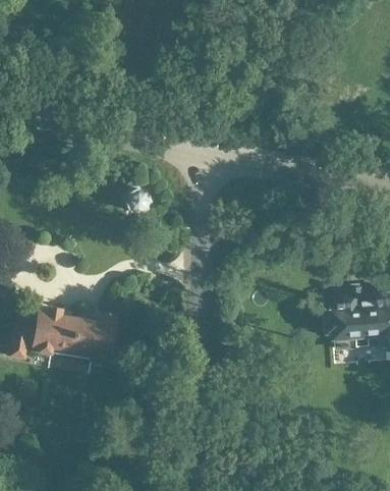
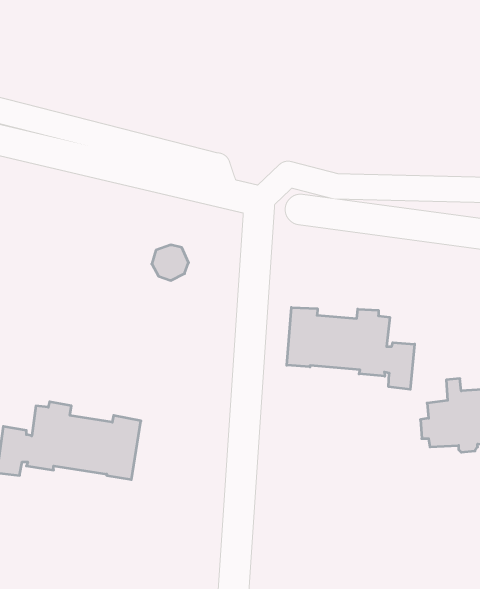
building: none -> [287,307,415,389]

